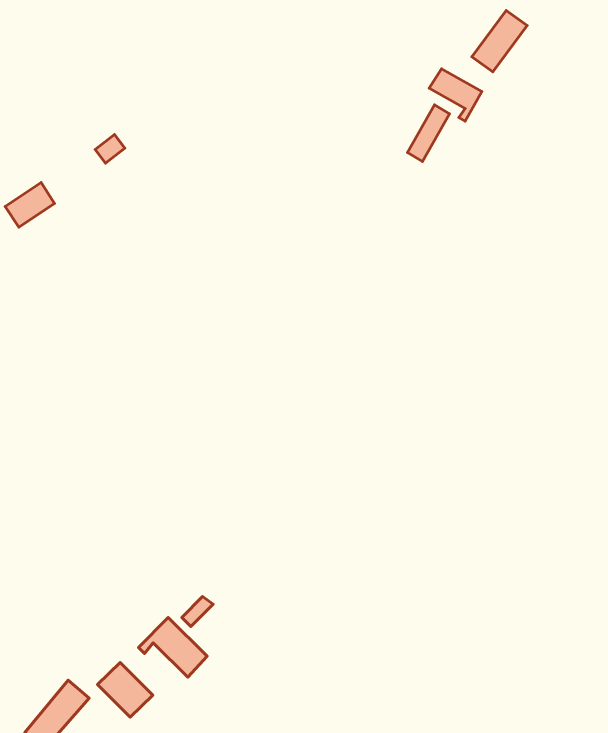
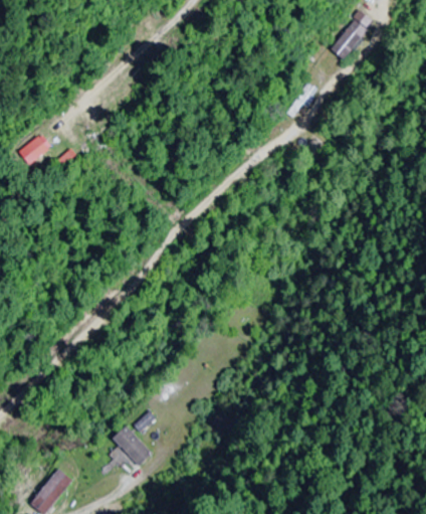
building: [429,69,482,121] -> none
building: [98,663,153,717] -> none

